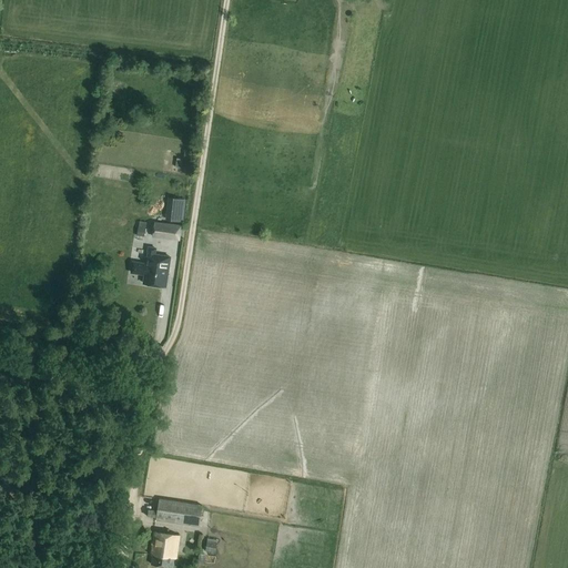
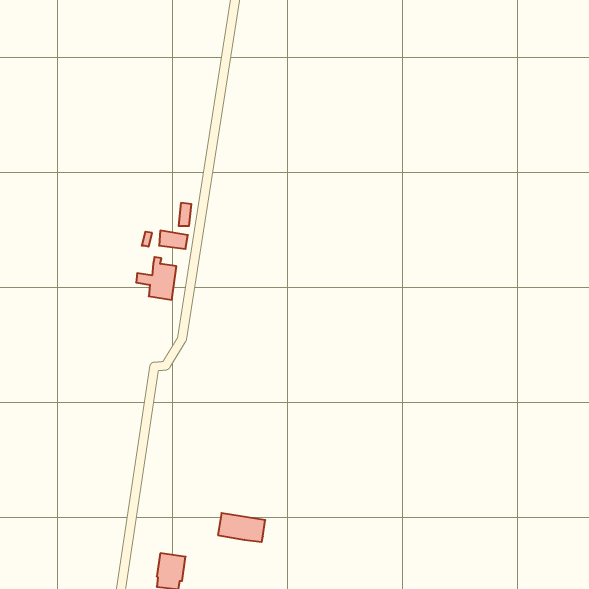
building: [156,499,202,527] -> [218,513,265,542]

